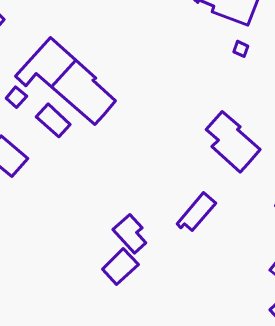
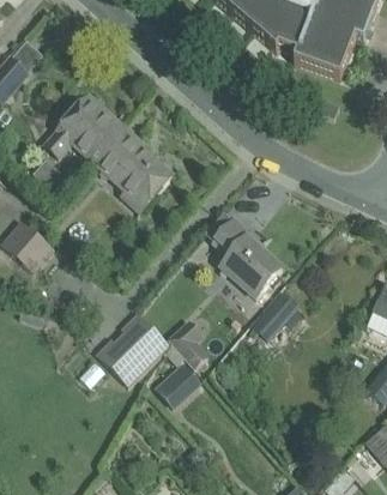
building: [36,104,70,137] -> none
building: [206,112,260,172] -> [212,221,280,297]
building: none -> [98,313,168,385]

